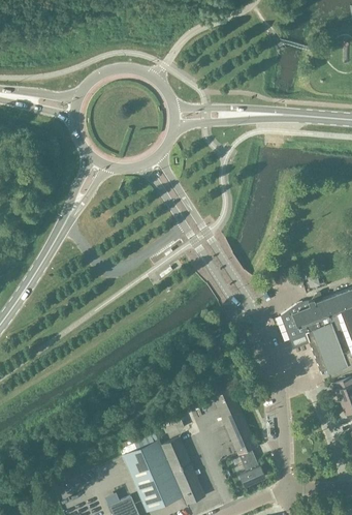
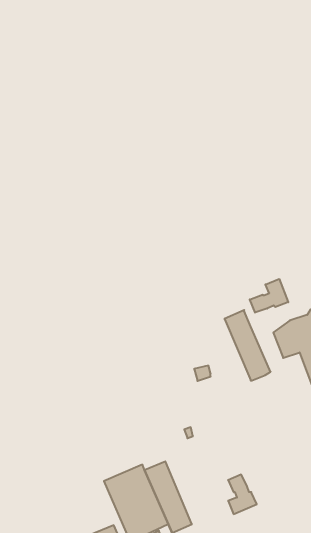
building: none -> [250,279,288,313]
building: [213,390,256,456] -> [224,310,271,381]

